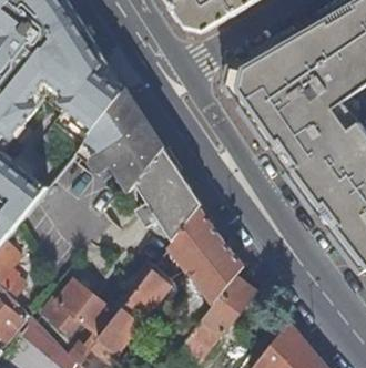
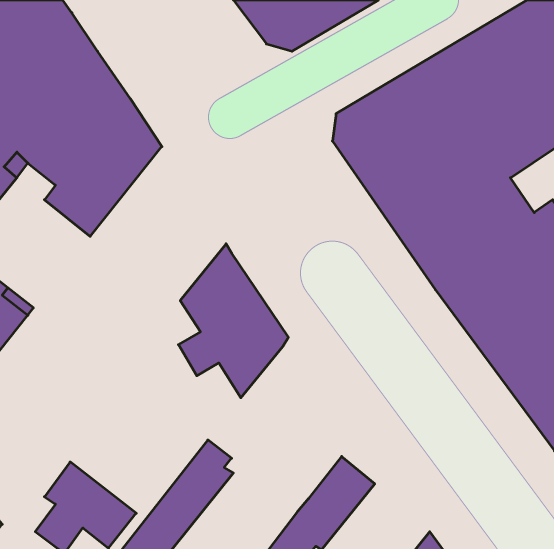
building: [75,89,165,192] -> none
building: [170,209,243,301] -> none

